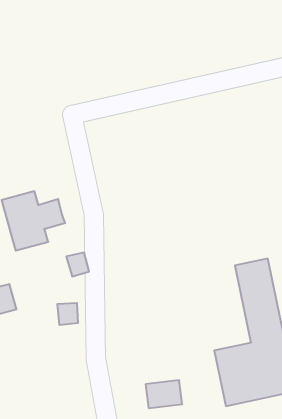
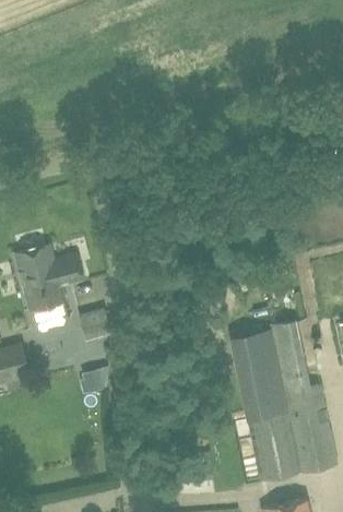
building: none -> [230,326,288,420]

